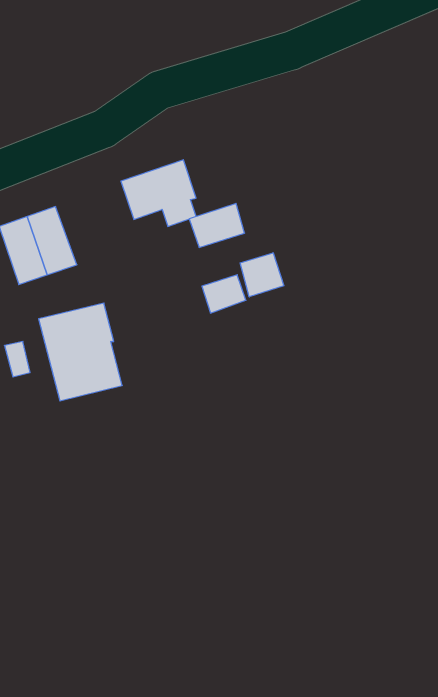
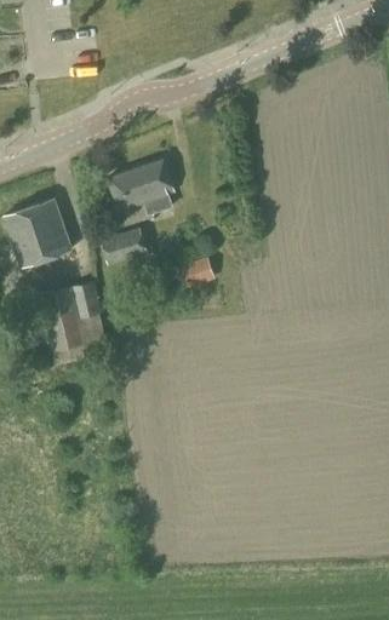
building: [189,203,245,247] -> [99,228,147,265]
building: [240,253,284,297] -> none

